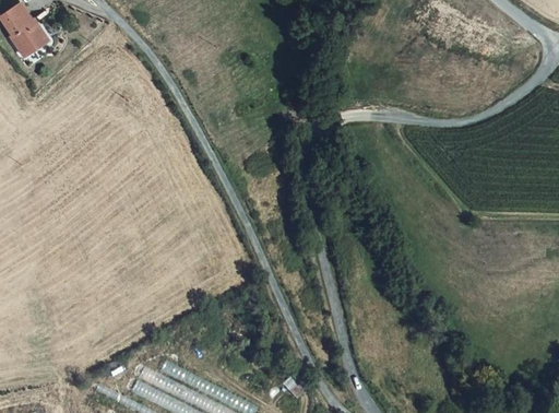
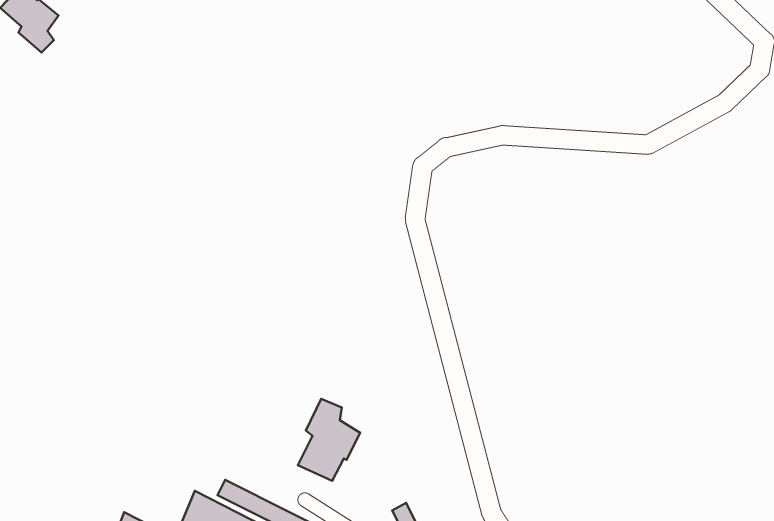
building: none -> [298,399,360,481]

